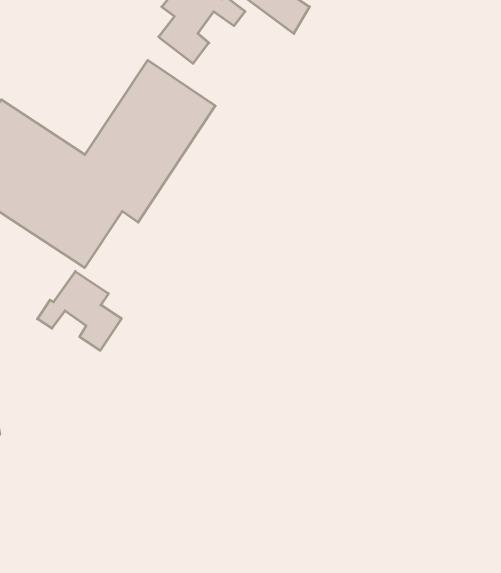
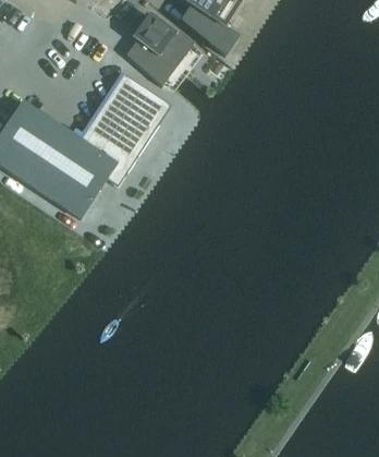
building: [37,271,121,350] -> none

